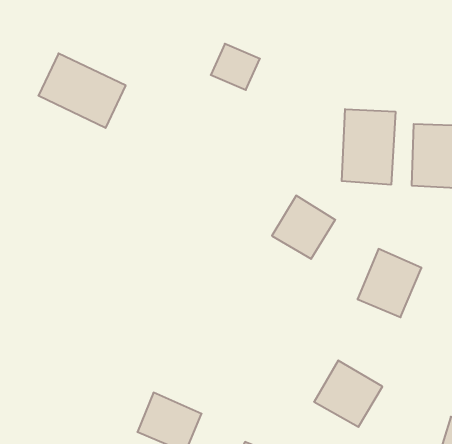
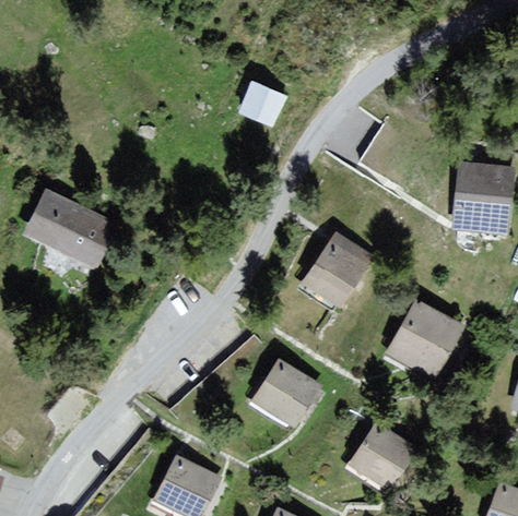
building: [38,53,126,128] -> [23,188,118,268]
building: [342,109,395,185] -> none
building: none -> [256,362,322,423]

